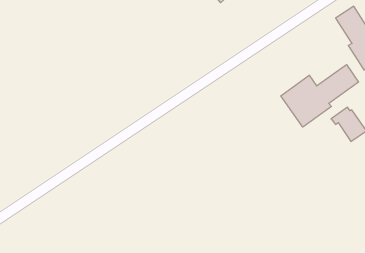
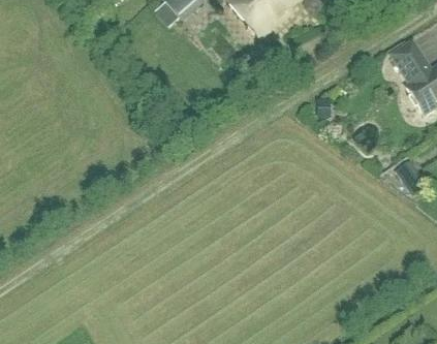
building: [281,65,359,127] -> none

